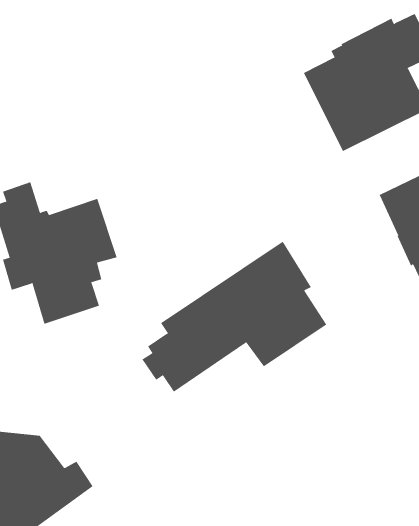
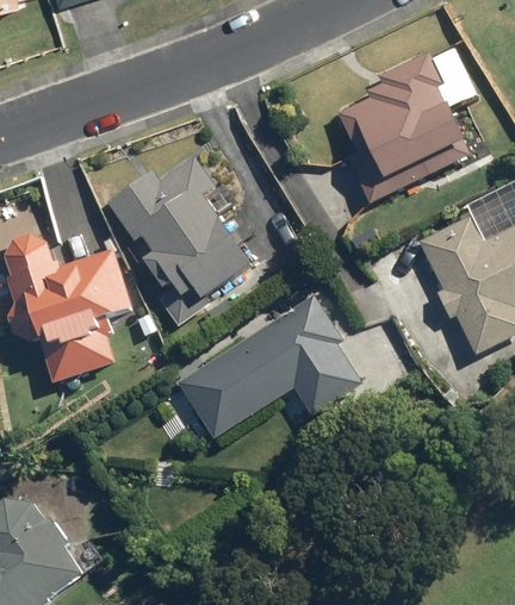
building: none -> [107,138,259,324]

